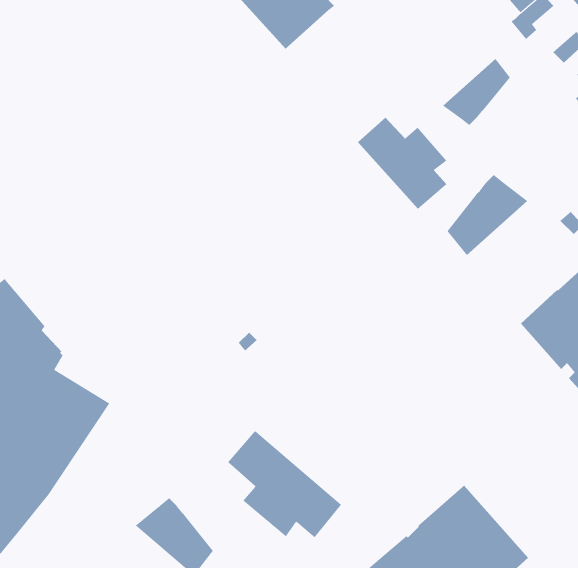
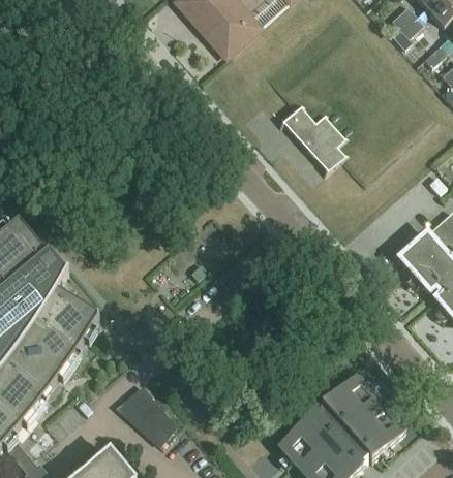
building: [442,58,511,126] -> none
building: [447,174,528,256] -> none
building: [228,430,342,538] -> none

